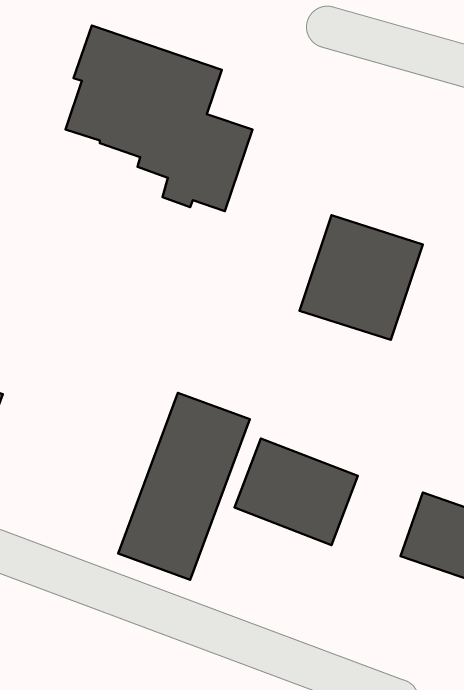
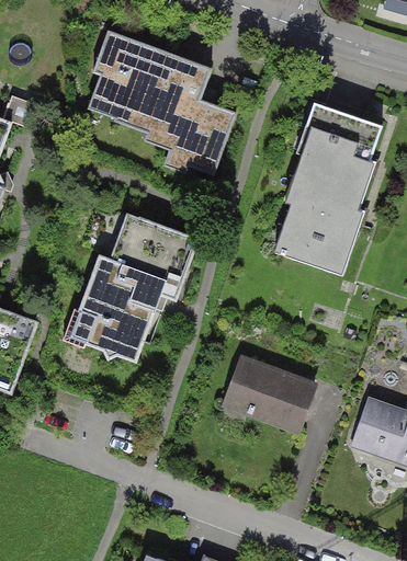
building: none -> [295,102,392,201]
building: [118,393,250,580] -> [82,210,186,358]

